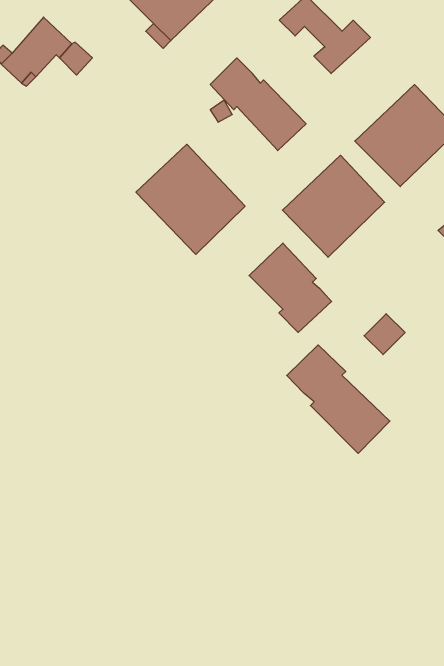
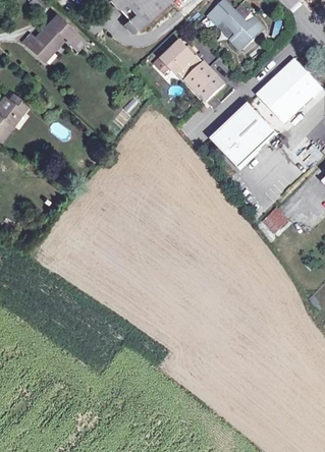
building: [136,144,245,254] -> none
building: [249,243,332,332] -> none
building: [287,345,390,453] -> none

